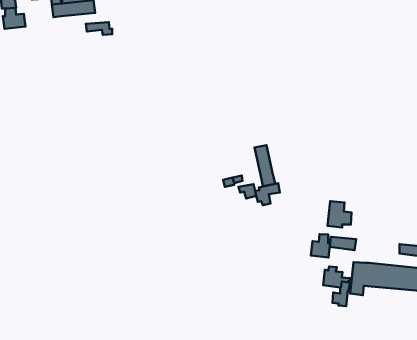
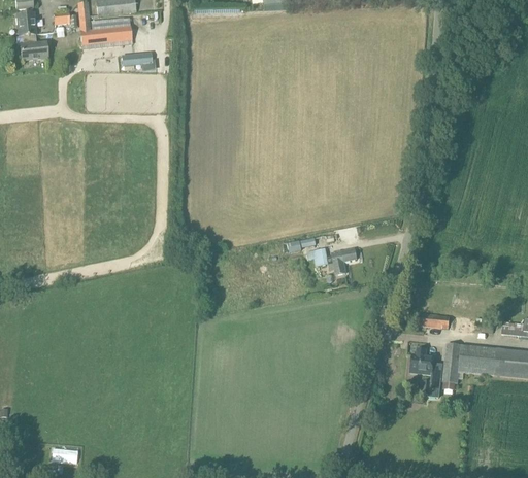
building: [255,145,275,186] -> none
building: [328,201,352,228] -> none
building: [311,234,330,257] -> none

